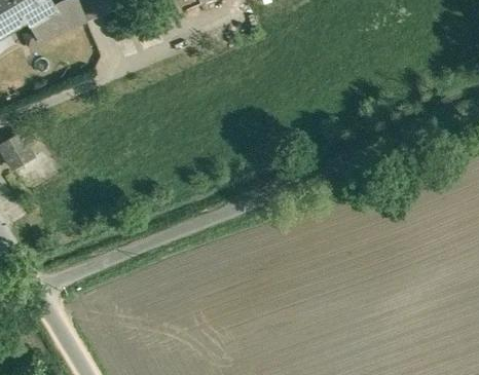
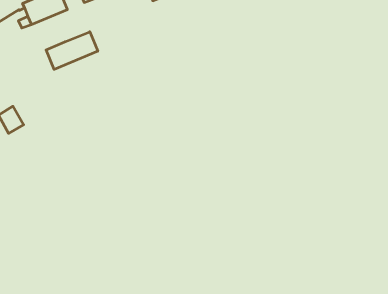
building: none -> [46,32,98,69]

